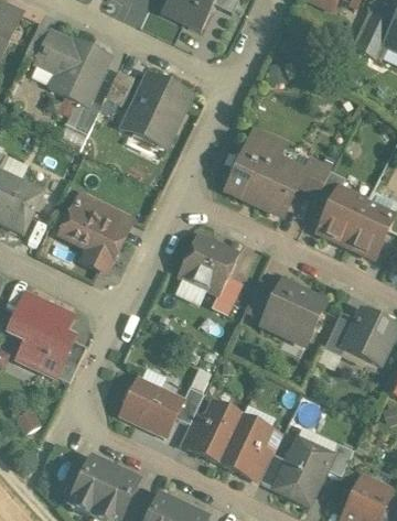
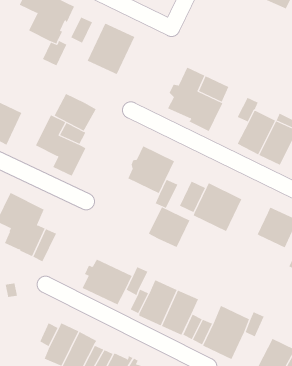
building: [297,159,331,197] -> none
building: none -> [54,93,96,131]
building: none -> [148,207,190,248]
building: [324,312,356,356] -> none

